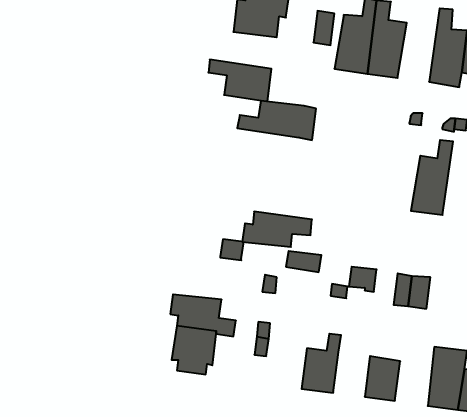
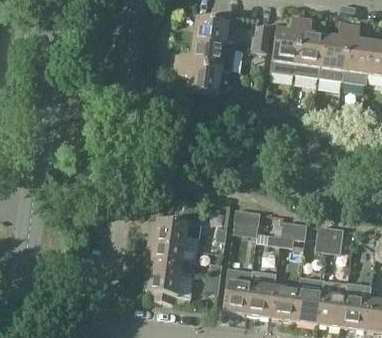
building: [237,101,316,140] -> [176,42,236,72]
building: [411,140,453,215] -> [319,23,351,80]
building: [242,212,312,247] -> [148,219,201,246]
building: none -> [222,268,252,314]
building: none -> [317,279,347,327]
building: none -> [270,286,298,320]

